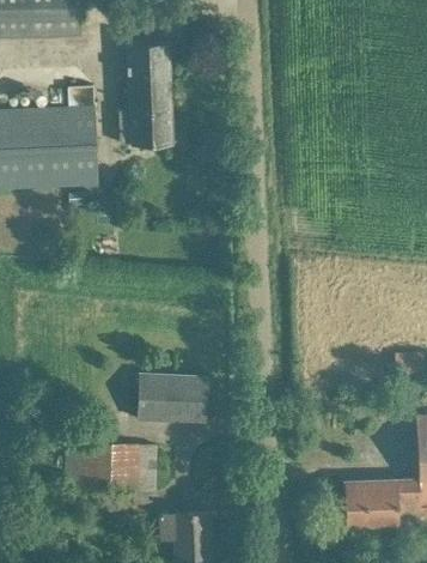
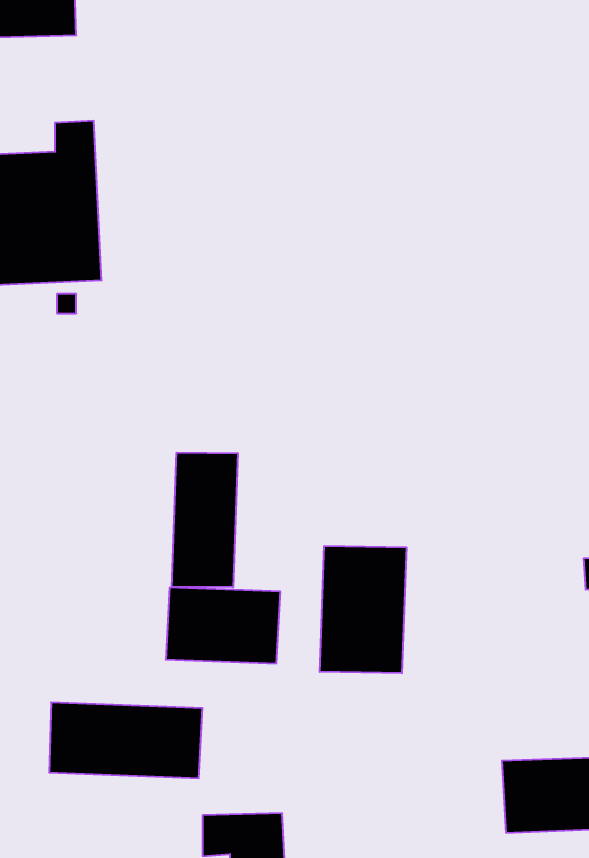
building: [120,42,173,145] -> none
building: none -> [172,453,238,587]
building: none -> [320,546,406,673]

